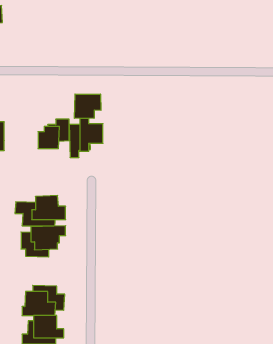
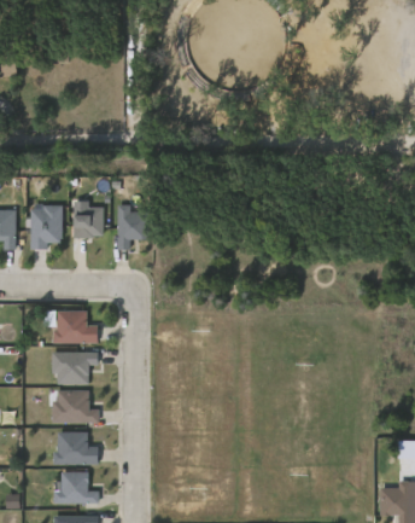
building: [75,94,101,118] -> none
building: none -> [33,204,64,248]
building: none -> [53,391,99,423]

